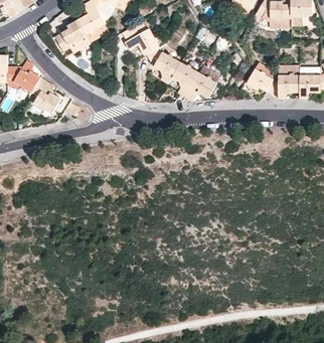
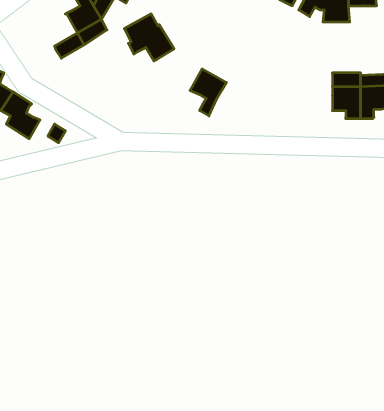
building: [55,19,87,50] -> none
building: [146,45,180,83] -> none
building: [247,67,279,97] -> none
building: [185,70,217,99] -> none

